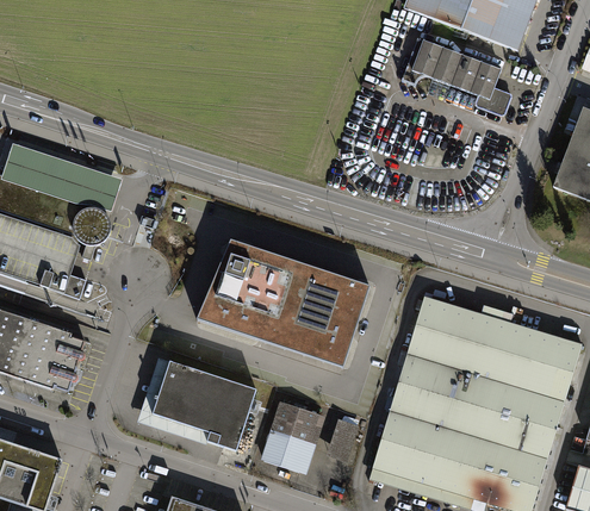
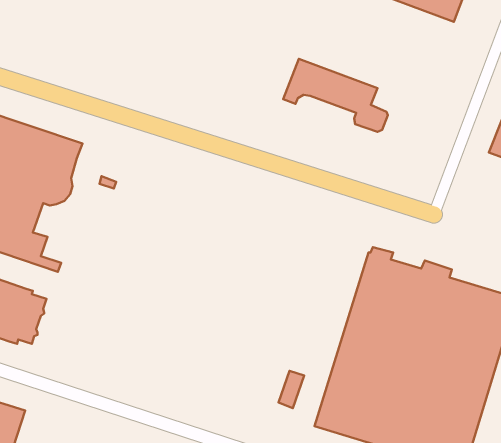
building: [400,39,511,117] -> [283,59,388,132]
building: [201,235,371,364] -> none
building: [137,355,256,449] -> none
building: [262,400,317,469] -> none

